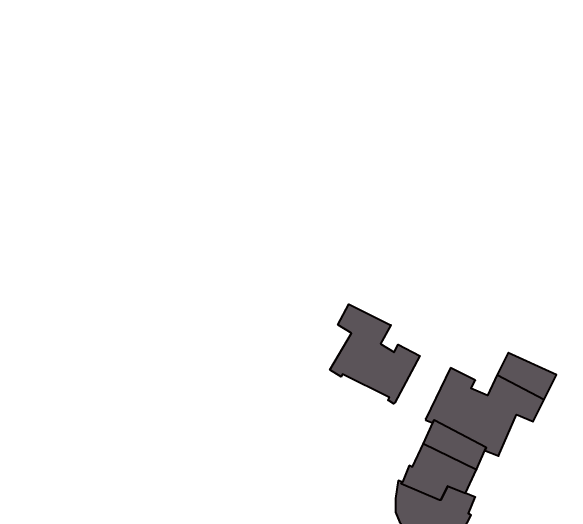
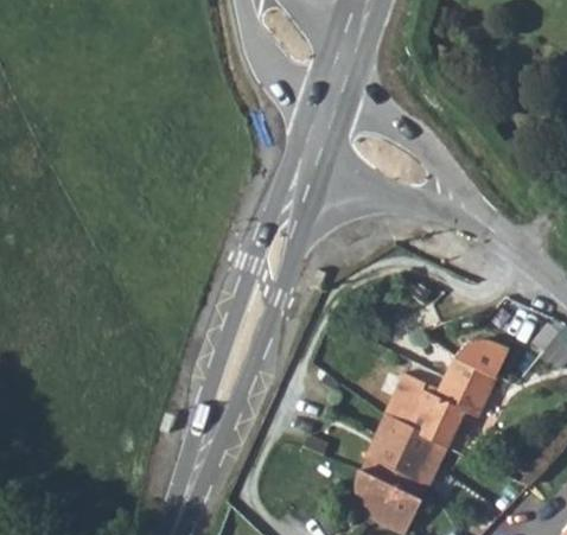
building: [330,304,420,404] -> none
building: none -> [455,340,509,377]

